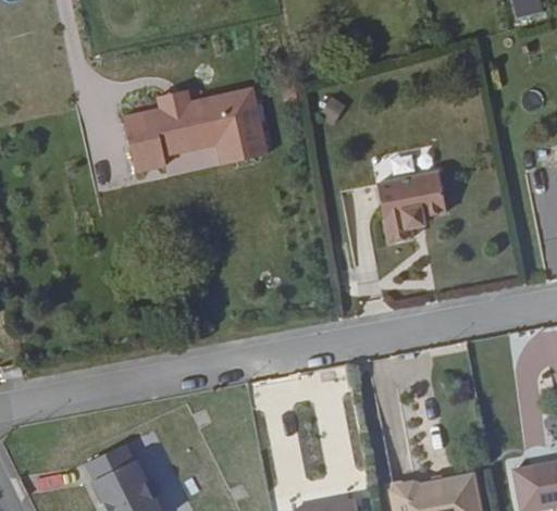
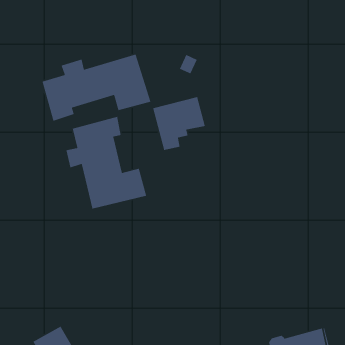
building: none -> [65,116,147,210]
building: [376,176,446,246] -> [152,96,206,151]

